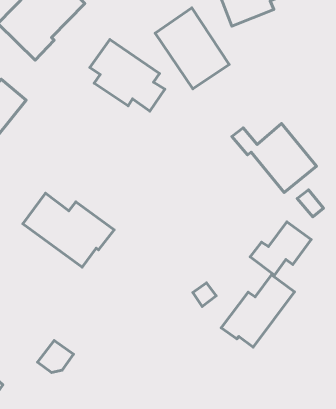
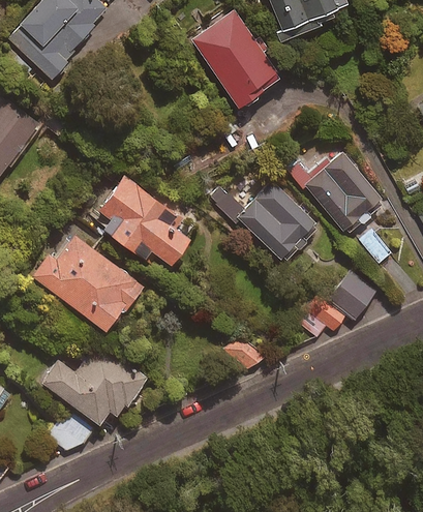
building: [90,40,165,111] -> [96,176,185,261]
building: none -> [218,181,318,262]
building: [221,275,295,347] -> none
building: none -> [44,340,149,419]

